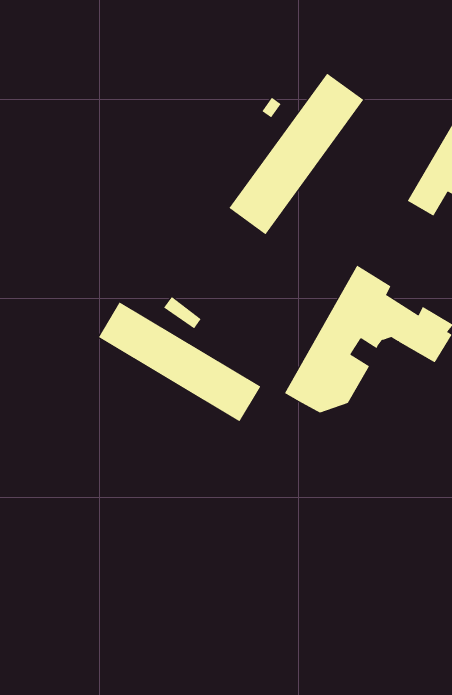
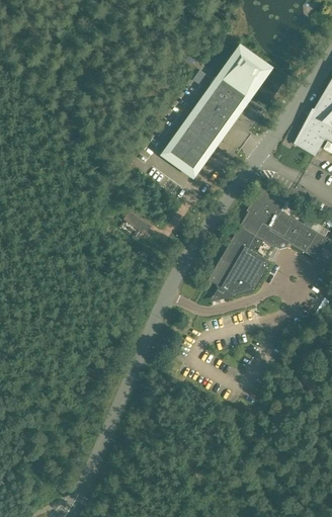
building: [98,301,261,422] -> none

